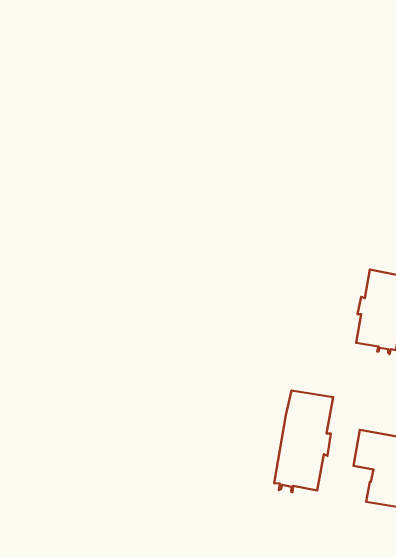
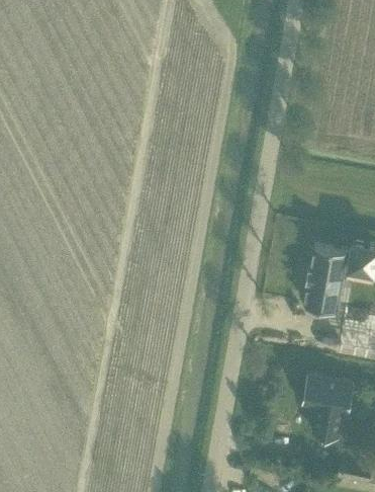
building: [274,390,333,492] -> none

